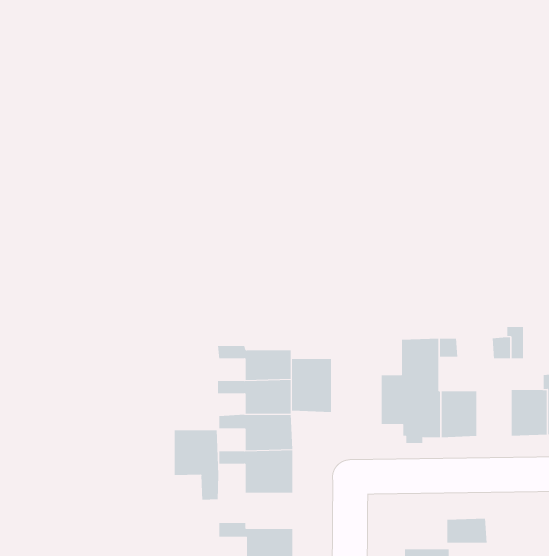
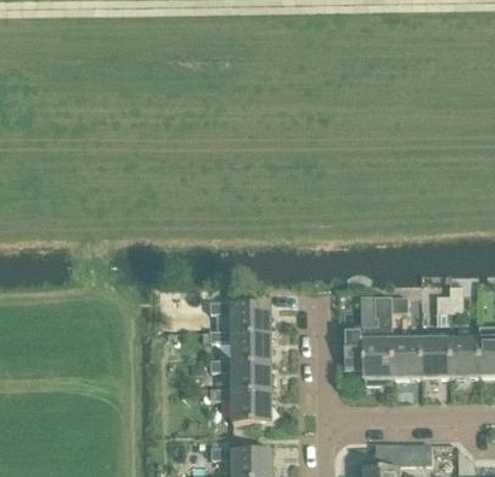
building: [292,358,332,413] -> none
building: none -> [423,337,450,376]
building: [174,430,219,500] -> none

